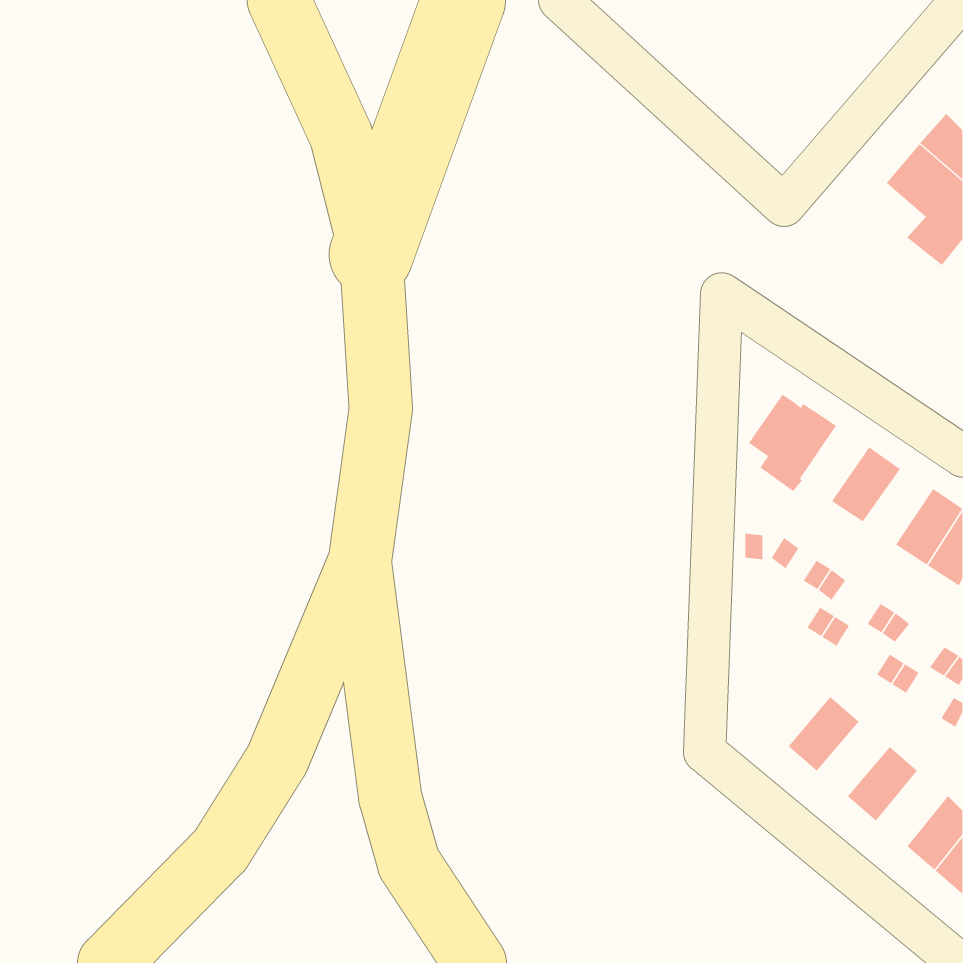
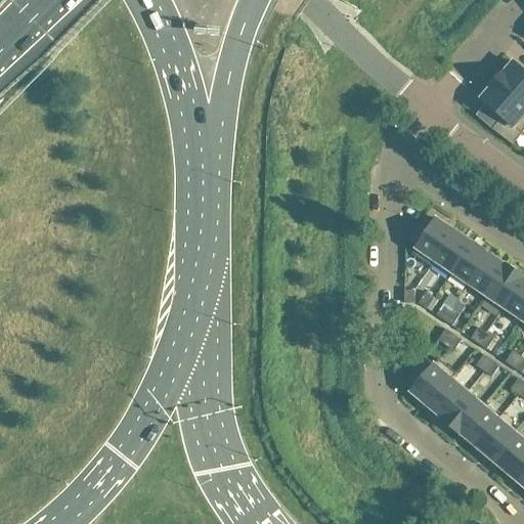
building: none -> [435,231,472,272]
building: none -> [469,255,507,296]
building: none -> [403,356,456,405]
building: none -> [443,392,483,433]
building: none -> [476,419,515,460]

